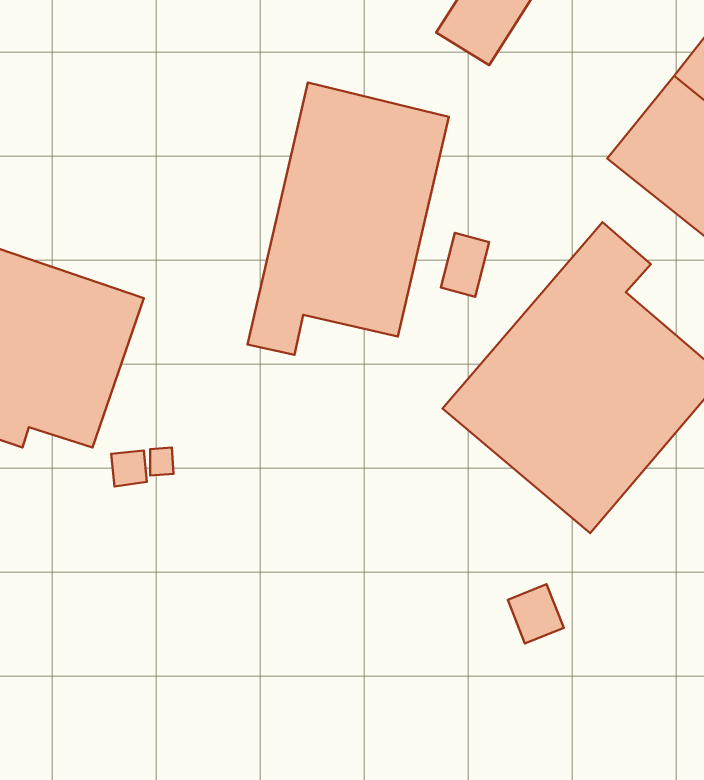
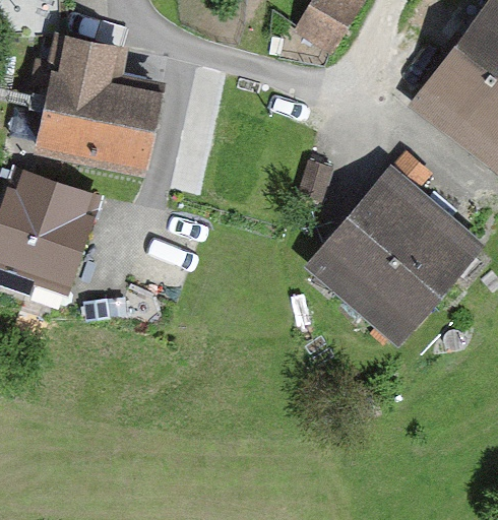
building: none -> [30,35,166,178]
building: [248,82,449,355] -> none

